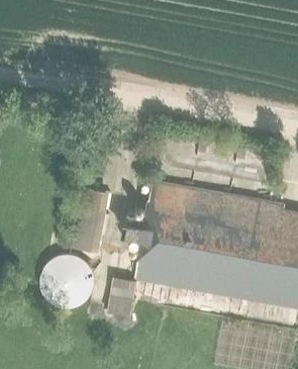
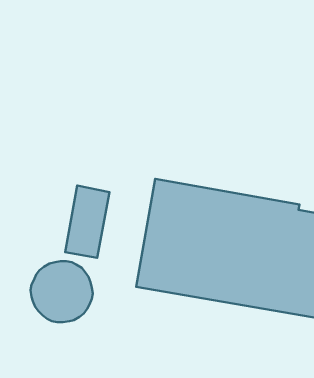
building: [107,278,135,315] -> none

